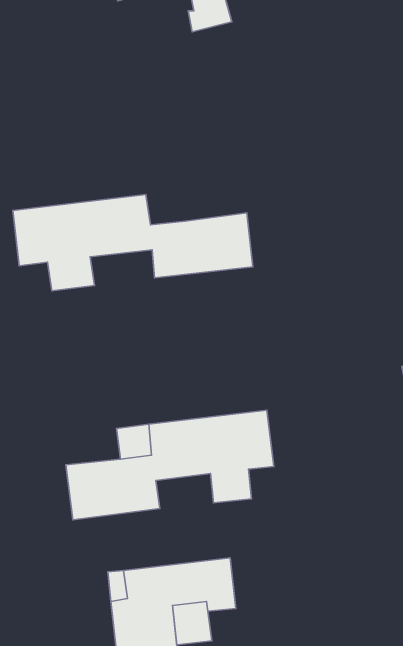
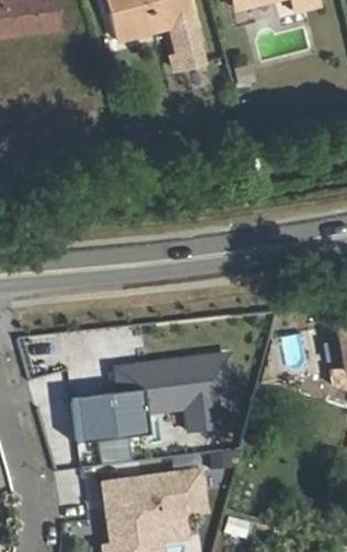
building: [13,195,253,291] -> none

